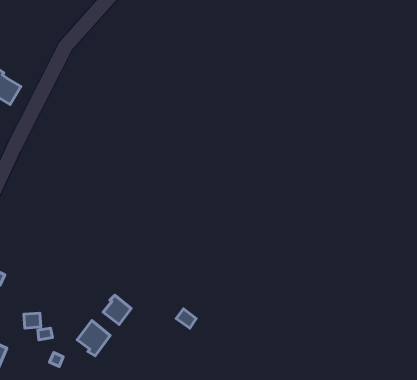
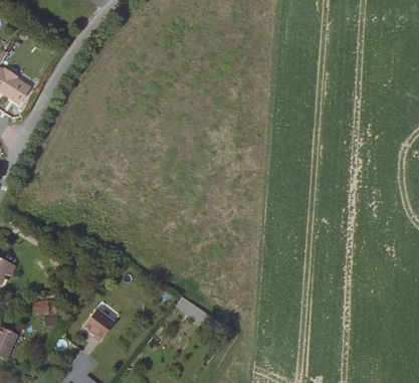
building: [103,295,131,325] -> none

